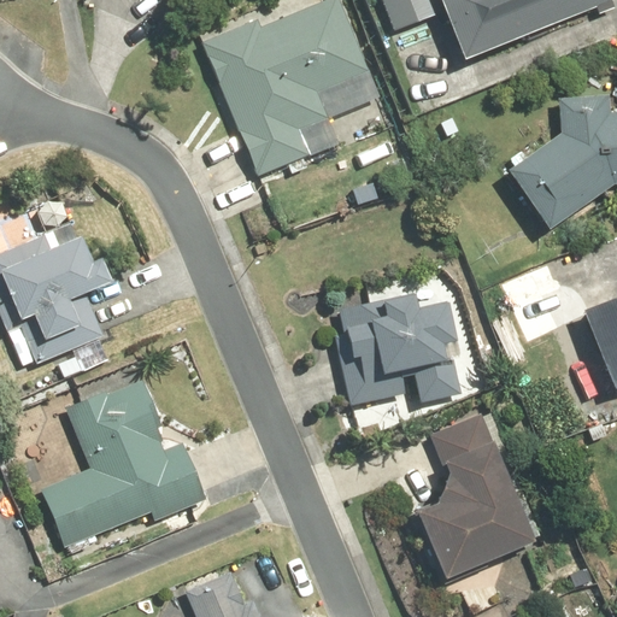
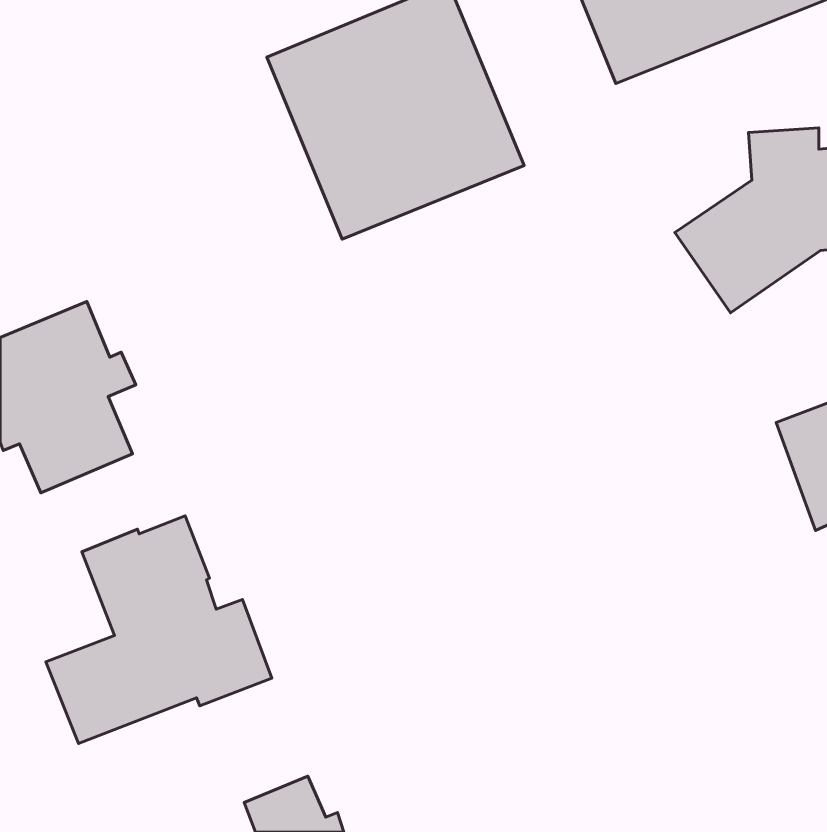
building: [336,292,463,405] -> none
building: [410,412,536,582] -> none

